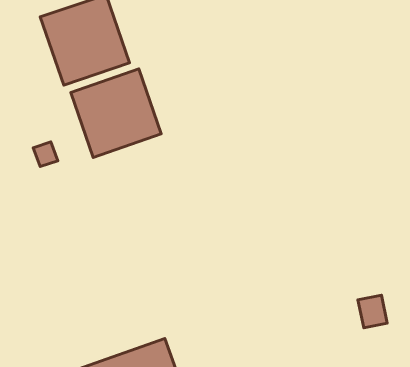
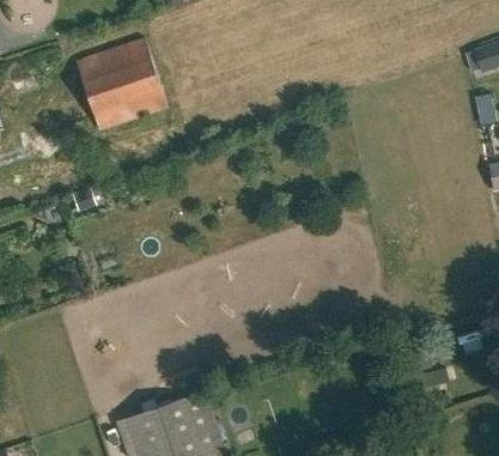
building: [71,69,161,158] -> none

